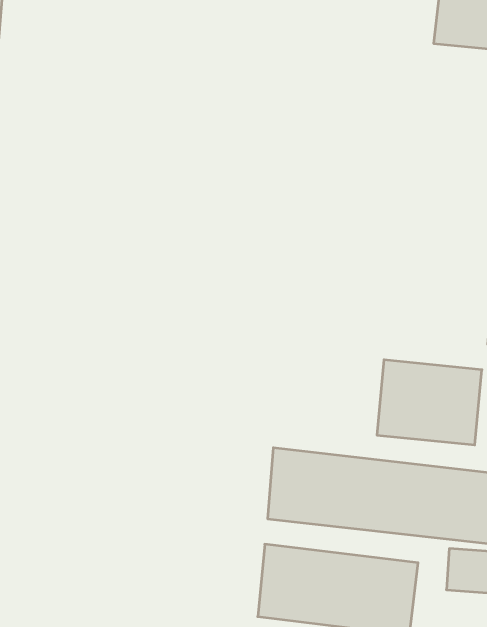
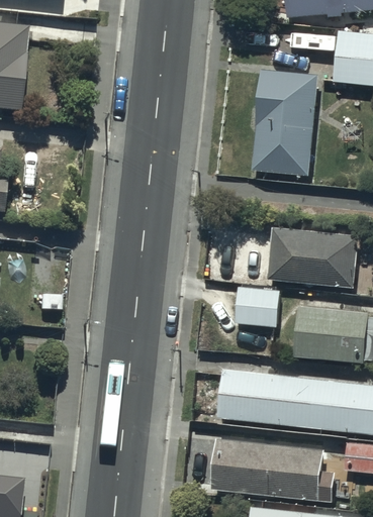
building: none -> [250,71,316,178]
building: none -> [267,228,360,290]
building: none -> [235,284,282,325]

